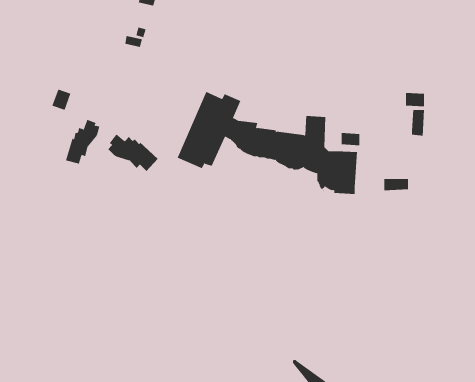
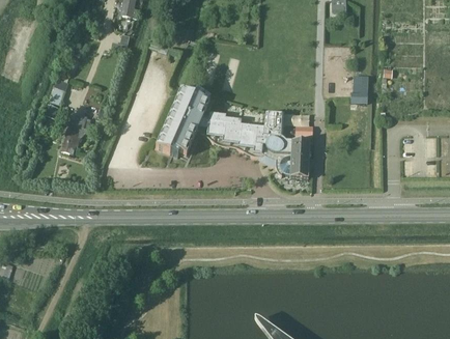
building: [107,134,158,172] -> none

